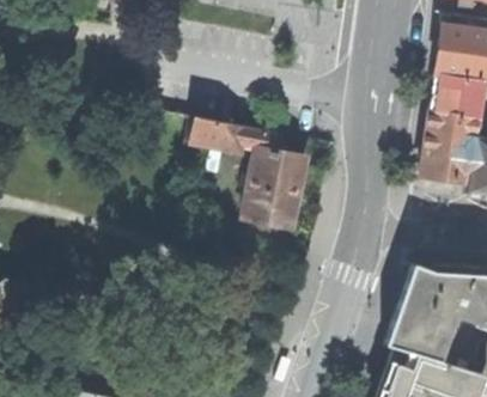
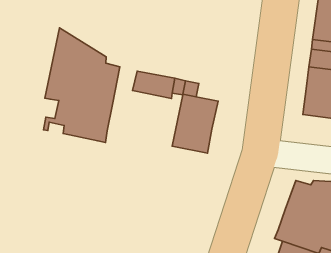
building: none -> [44,28,120,142]

